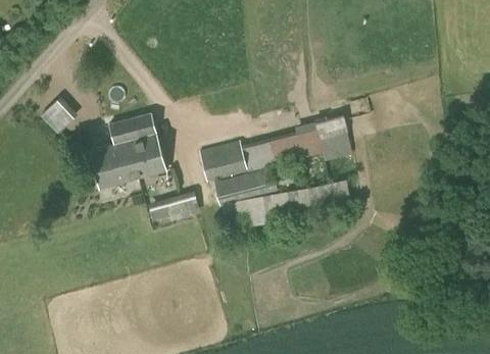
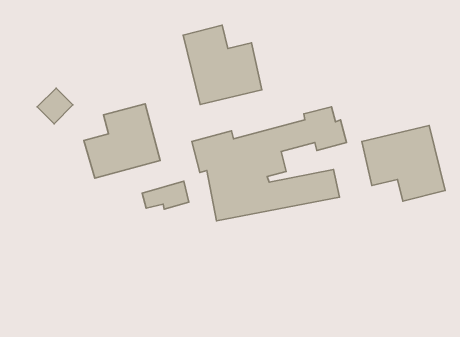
building: none -> [183,25,262,105]
building: none -> [362,125,445,201]

